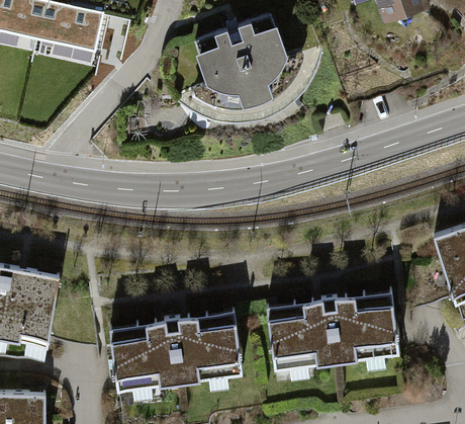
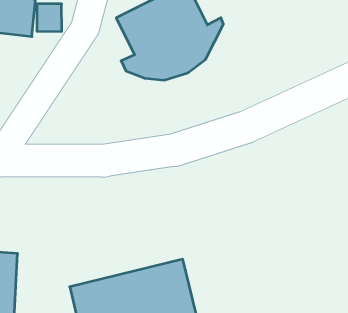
building: [267,287,400,366] -> none

